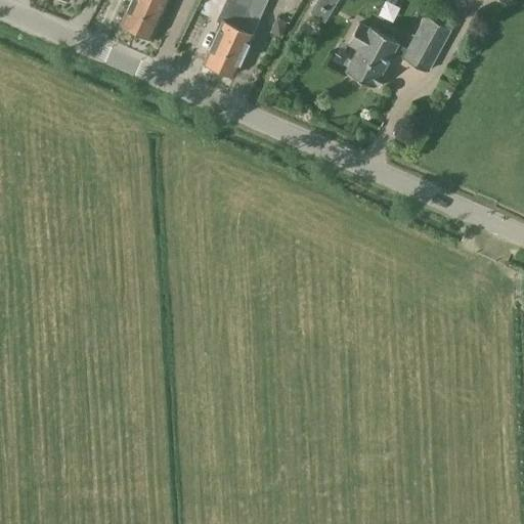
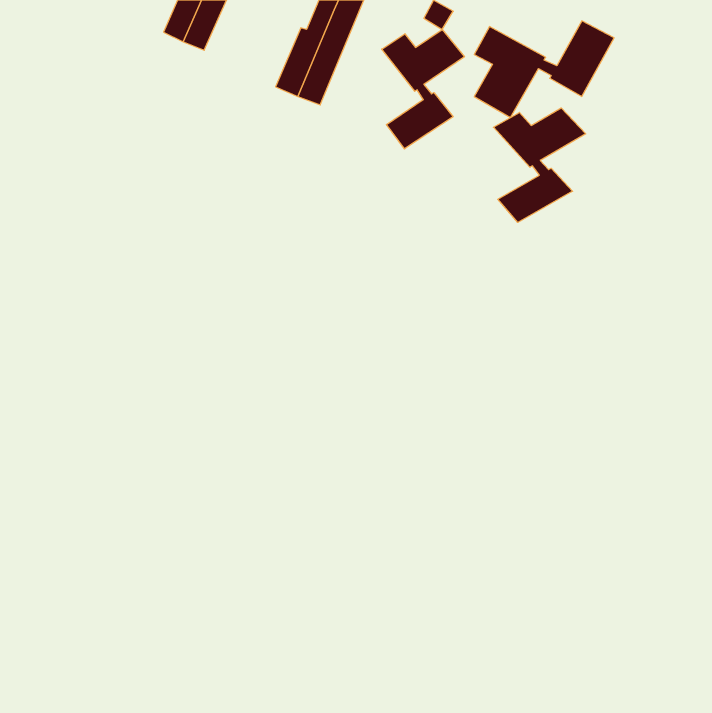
building: none -> [382,29,464,149]
building: none -> [493,108,586,222]

